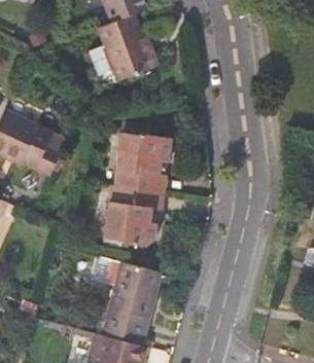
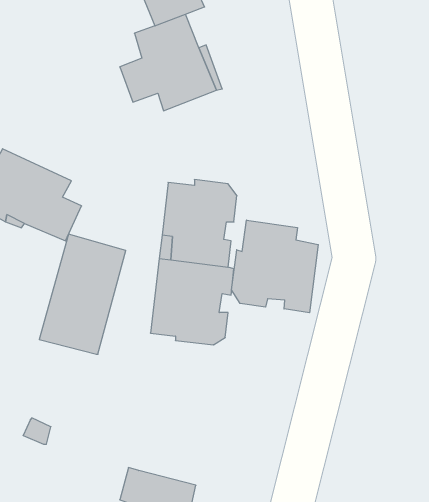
building: none -> [232,220,318,313]
building: [101,260,162,344] -> [39,234,126,354]

